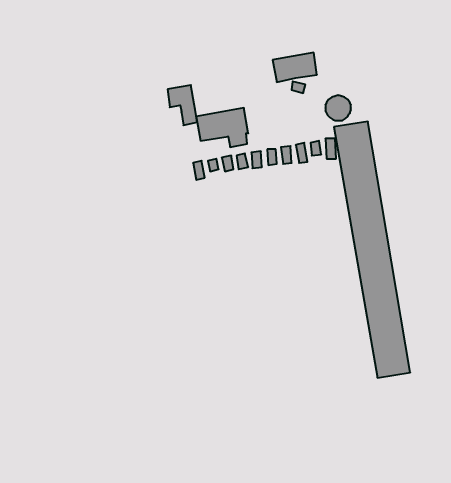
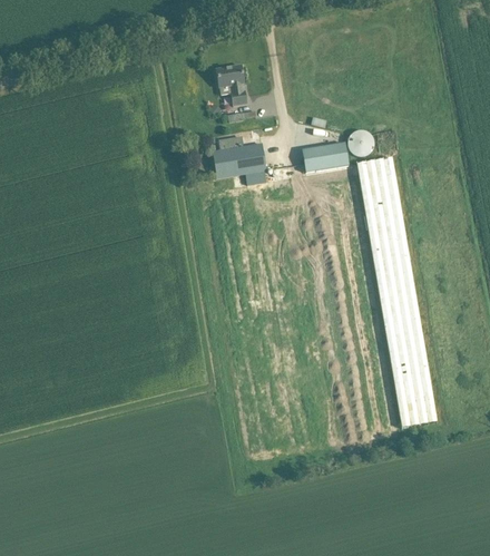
building: [273,53,317,82] -> [302,142,349,173]
building: [168,85,197,125] -> [216,64,247,106]

